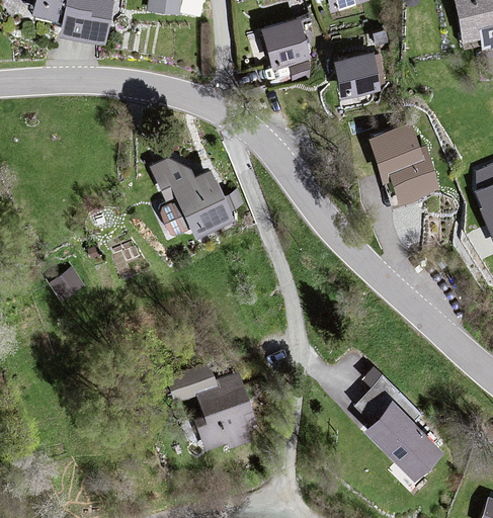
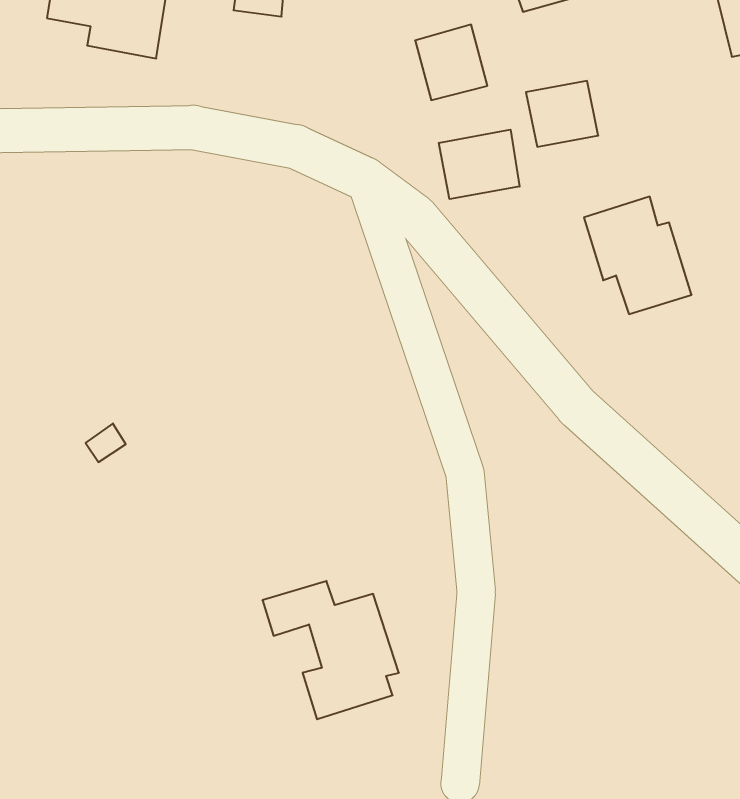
building: none -> [439,130,520,199]
building: [153,160,232,238] -> none
building: [357,378,439,478] -> none

